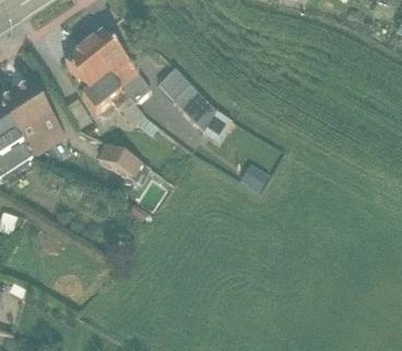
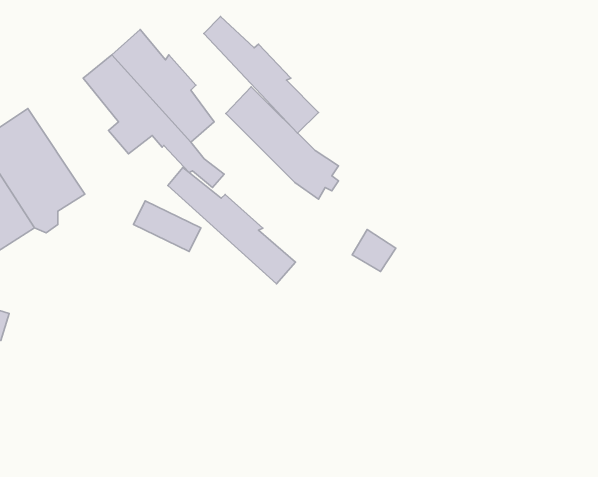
building: none -> [204,16,319,133]
building: none -> [168,167,296,284]

